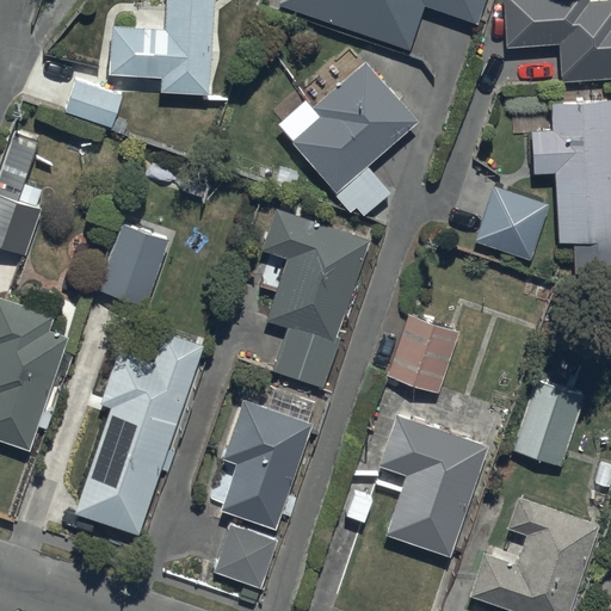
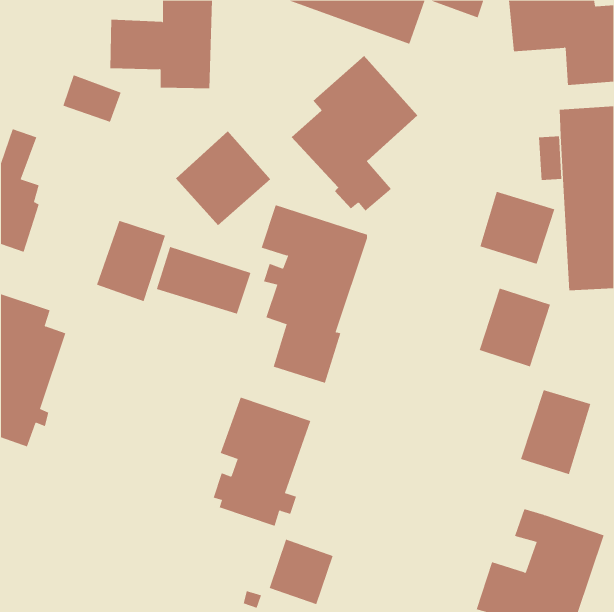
building: none -> [175,130,271,226]
building: none -> [156,246,251,314]
building: [389,321,461,400] -> [479,288,551,367]
building: [72,327,200,530] -> none
building: [379,421,492,566] -> none
building: [211,519,276,585] -> [269,539,334,605]

